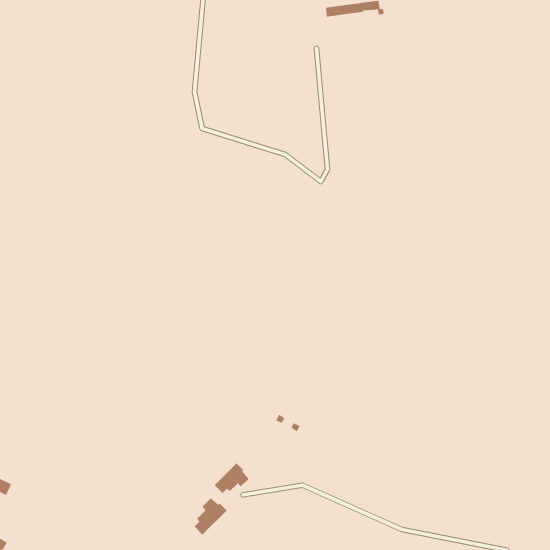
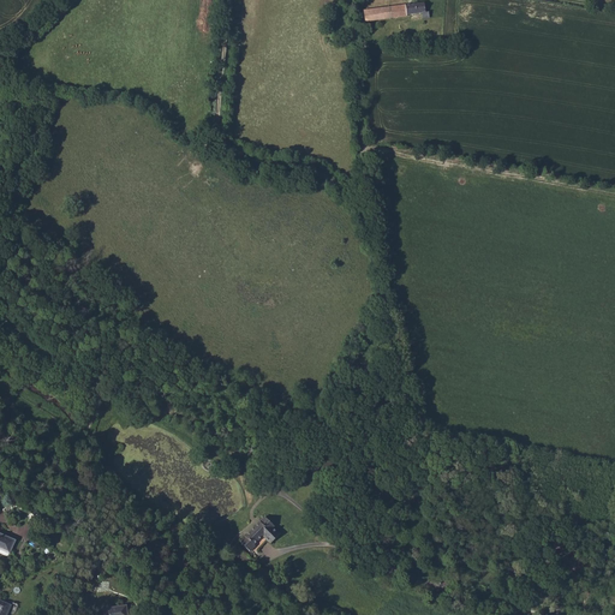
building: [194,497,228,535] -> none

